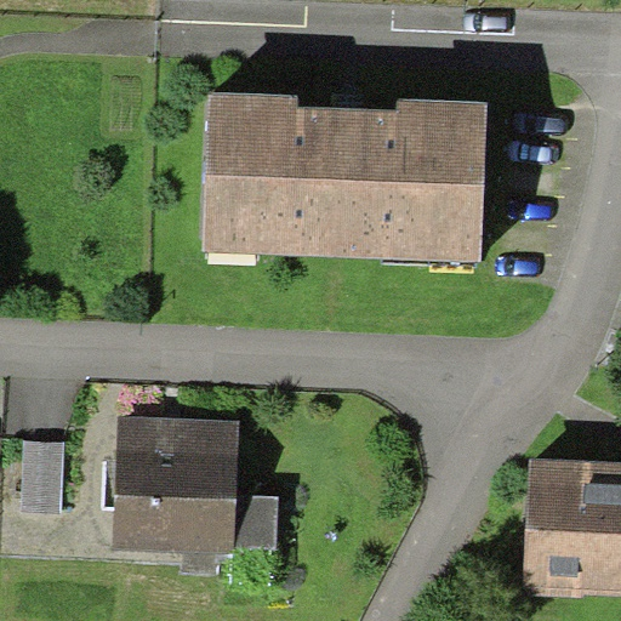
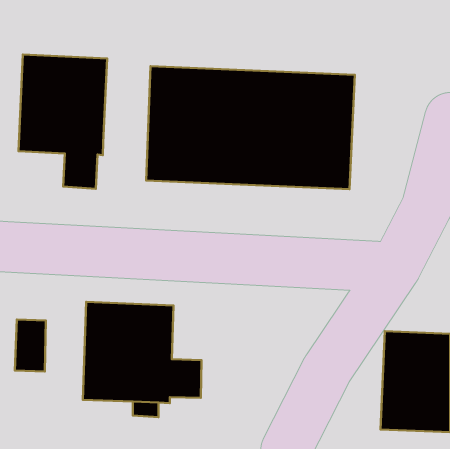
building: none -> [19,55,107,189]

